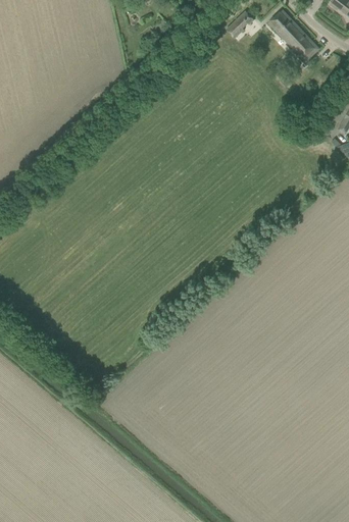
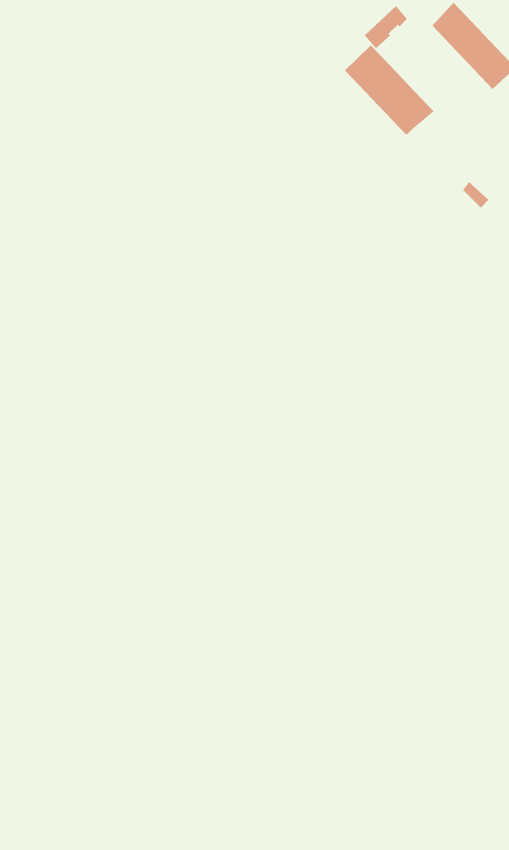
building: none -> [344,45,434,136]

